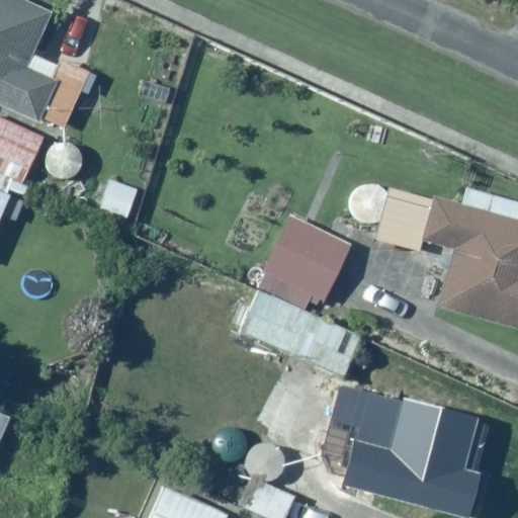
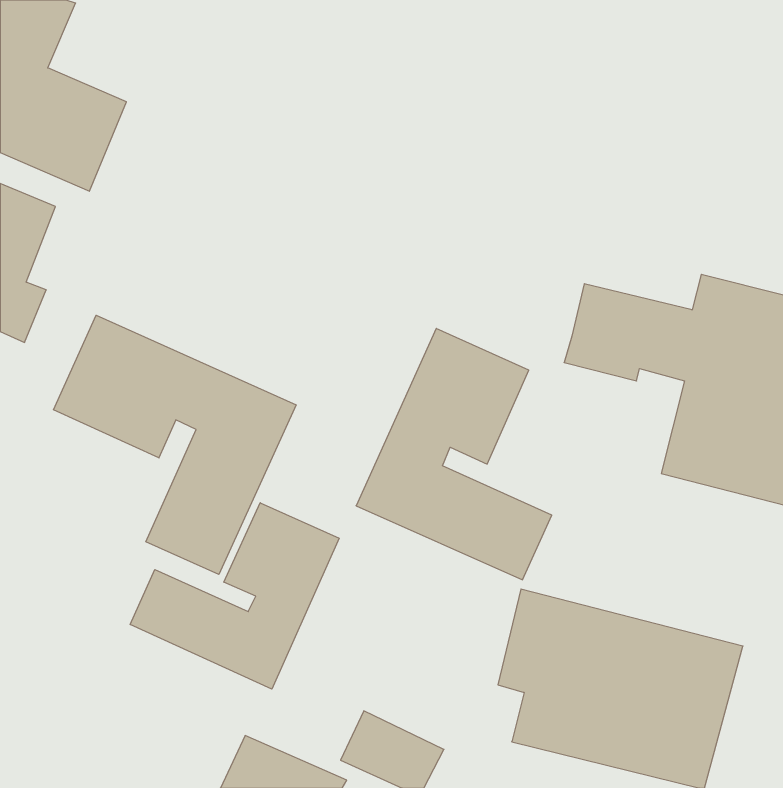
building: none -> [54,315,296,574]
building: none -> [130,503,339,689]

